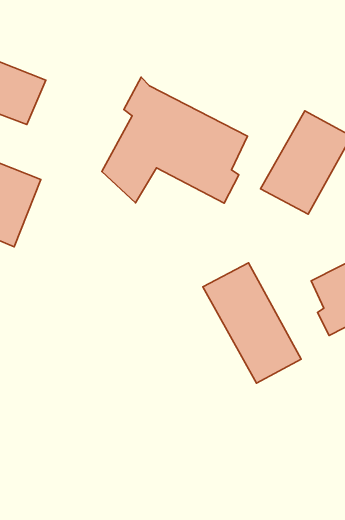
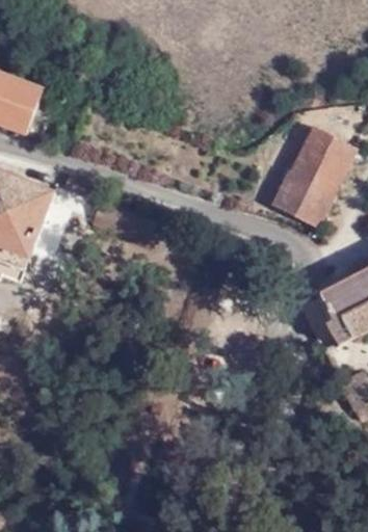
building: [102,77,248,203] -> none
building: [203,263,301,383] -> none

